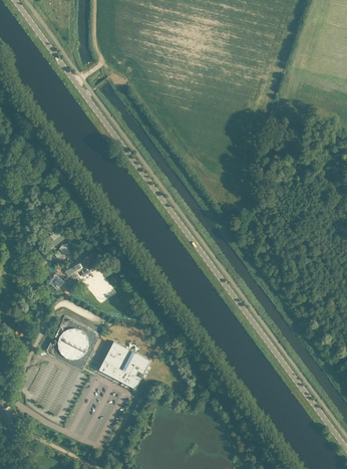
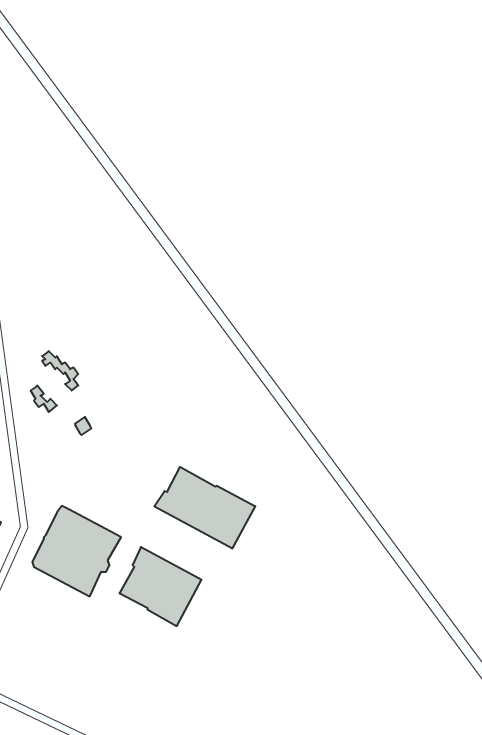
building: none -> [154,467,255,549]

